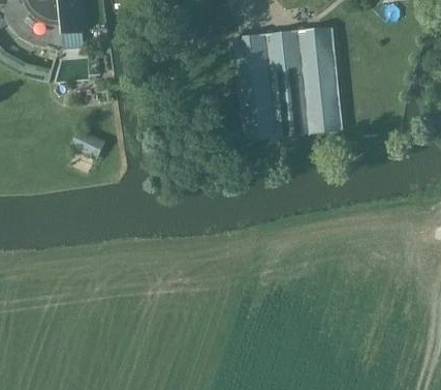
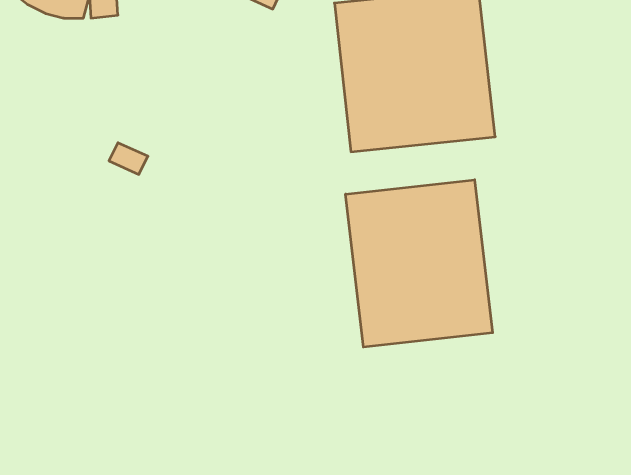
building: none -> [346,180,493,347]

